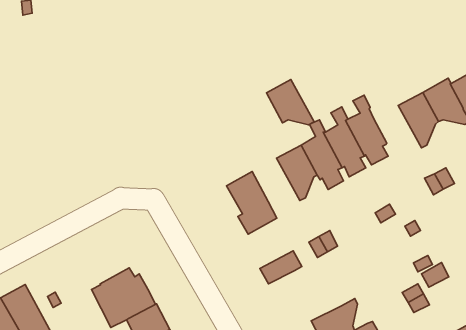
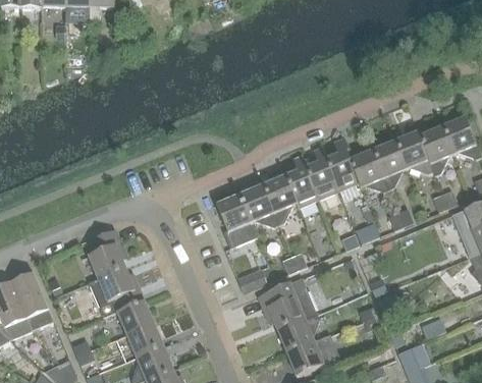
building: [266,80,314,125] -> [239,185,278,226]
building: none -> [350,151,388,191]
building: none -> [88,229,126,278]
building: none -> [258,278,317,329]

